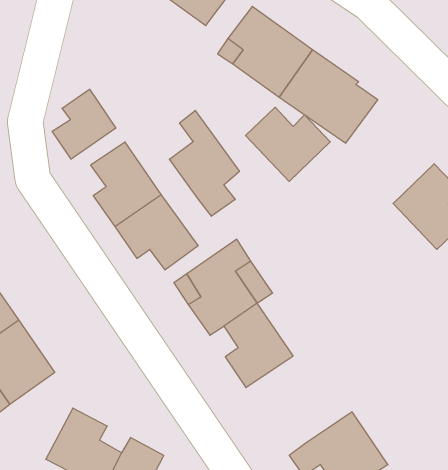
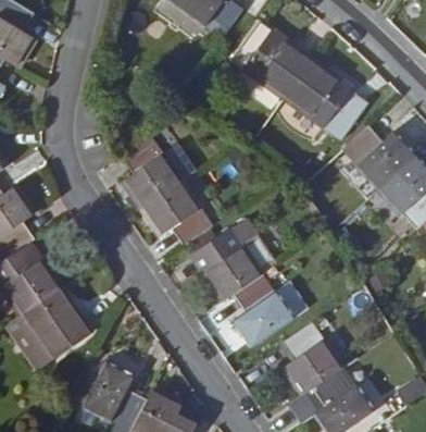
building: [52,89,116,159] -> none
building: [246,107,330,181] -> [341,125,413,188]
building: [169,110,239,216] -> none
building: none -> [284,321,343,393]

